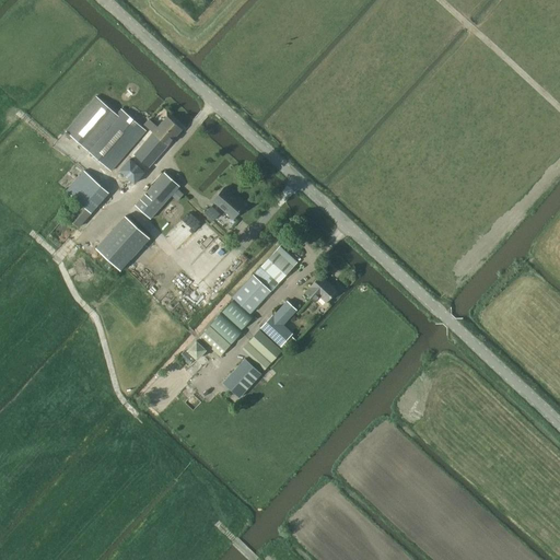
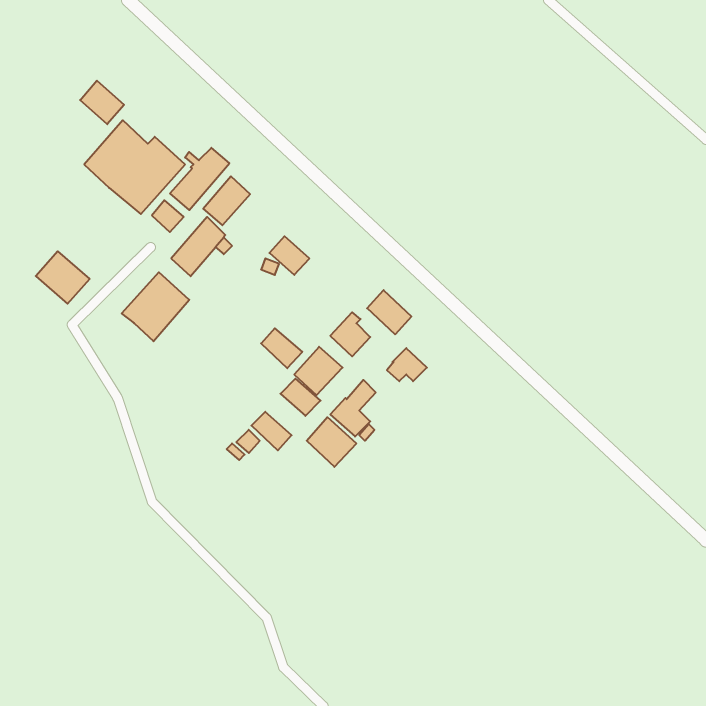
building: none -> [80,81,124,124]
building: none -> [203,176,250,225]
building: [67,171,109,212] -> [36,251,90,304]
building: none -> [367,290,411,334]
building: [210,313,243,345] -> [261,328,302,368]
building: [223,358,261,398] -> none

